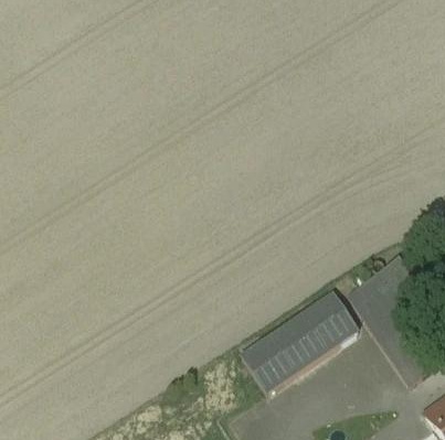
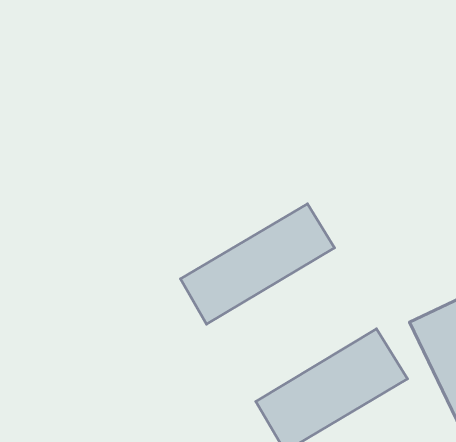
building: none -> [180,204,334,324]

